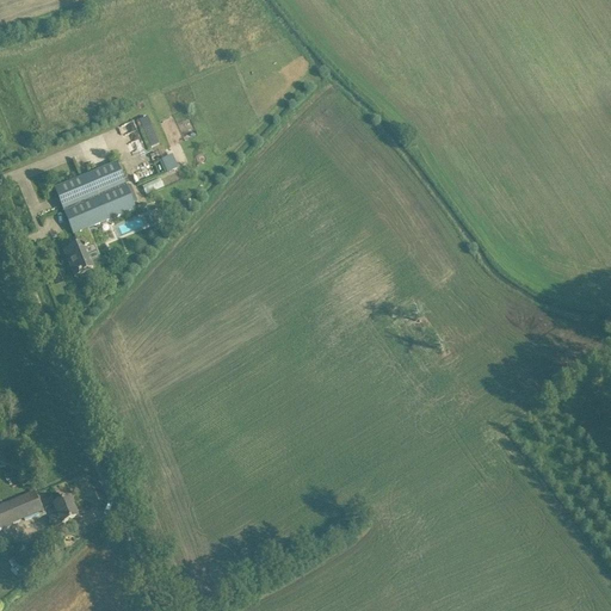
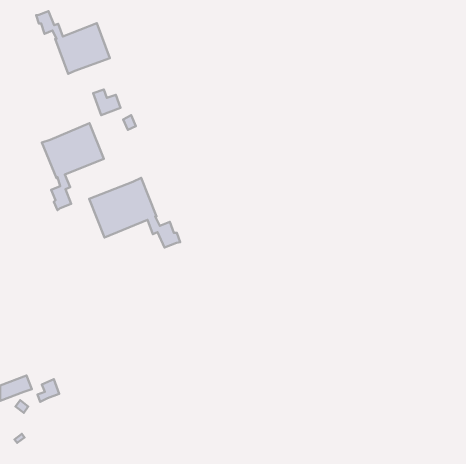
building: none -> [36,11,110,74]
building: none -> [89,178,180,248]

